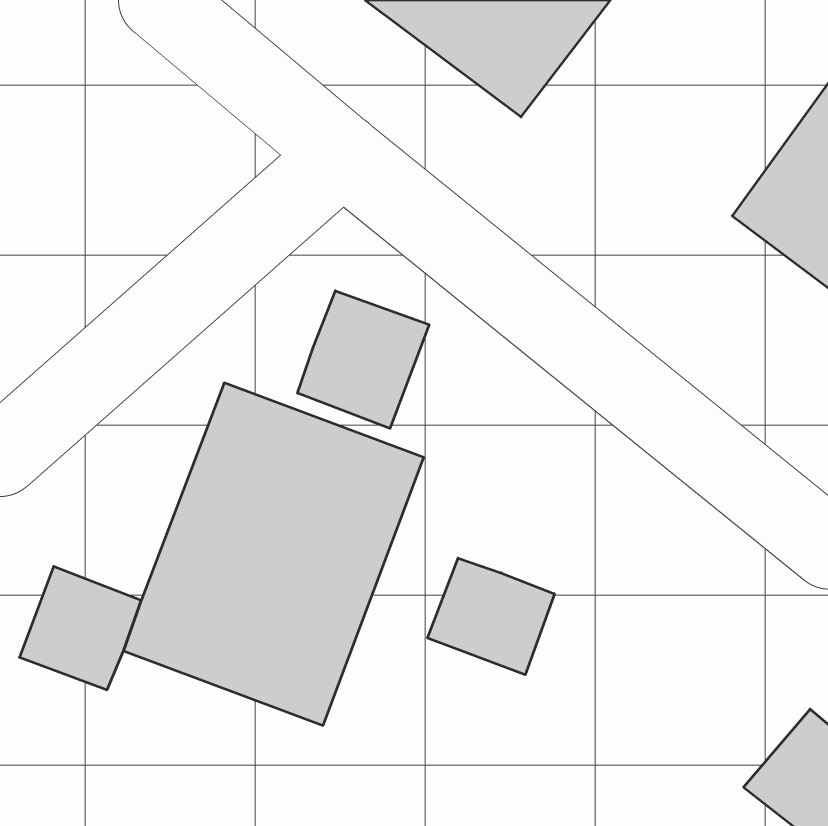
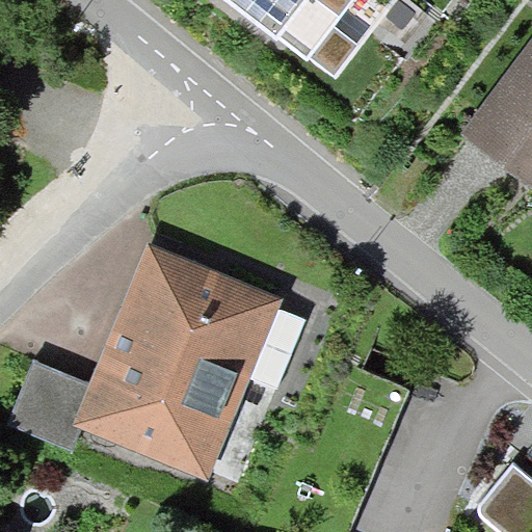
building: [298,291,429,428] -> none
building: [428,558,554,675] -> none

